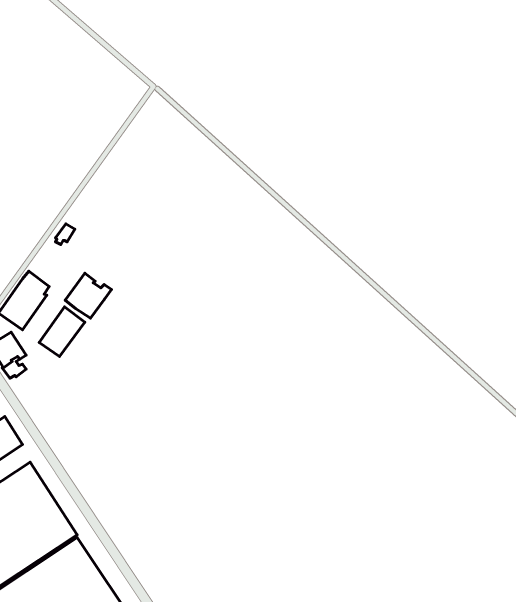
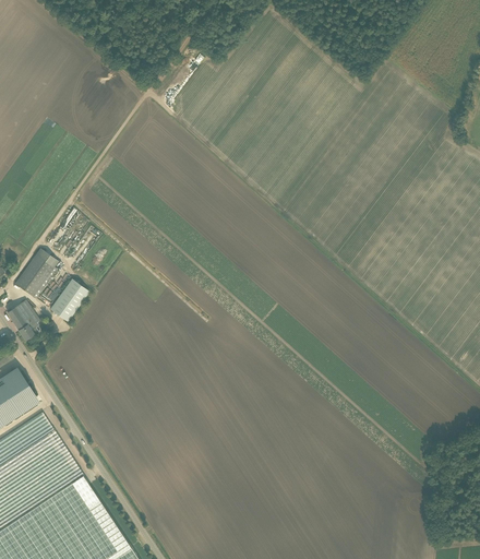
building: [65,273,112,318] -> none

